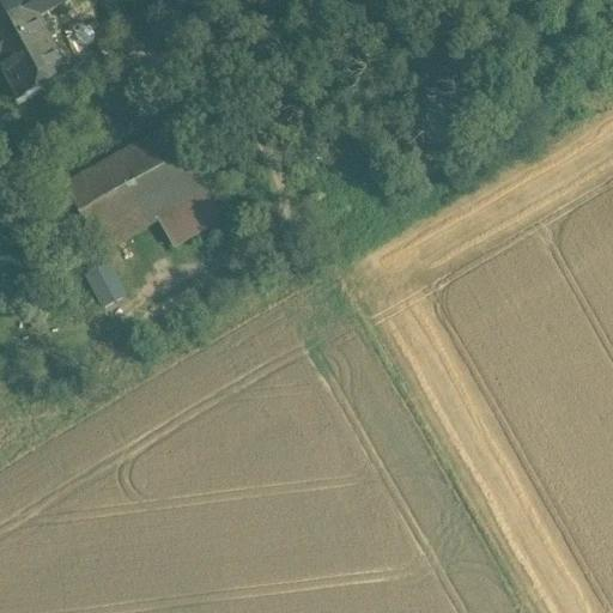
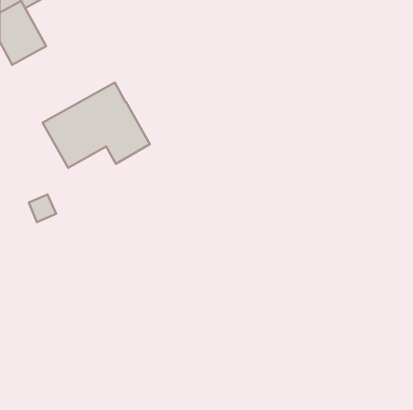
building: [84,263,125,304] -> [29,194,56,222]

